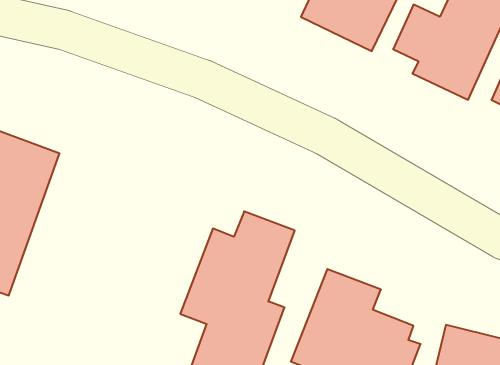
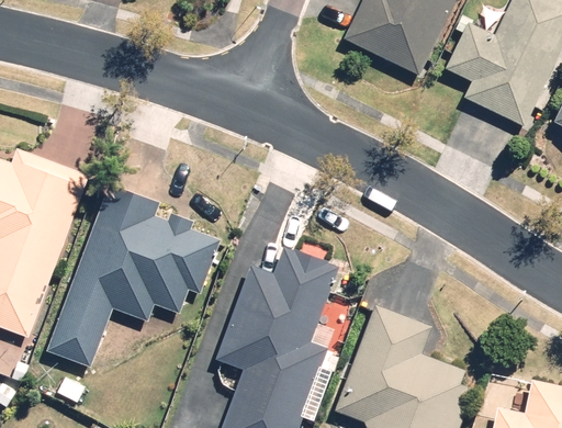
building: none -> [45,187,220,365]

